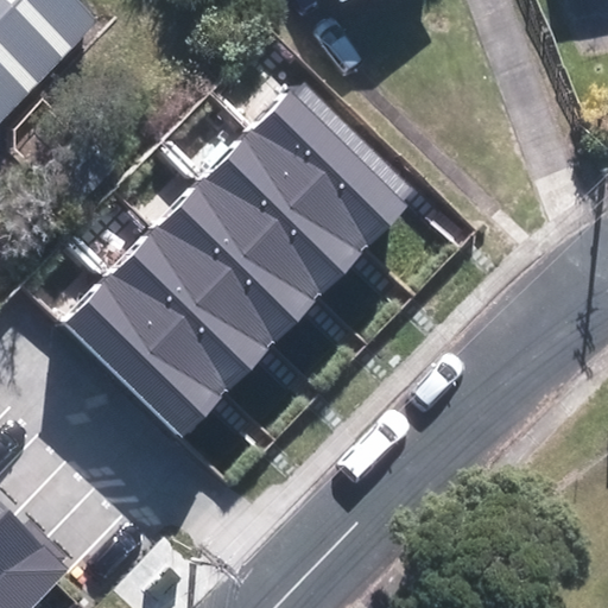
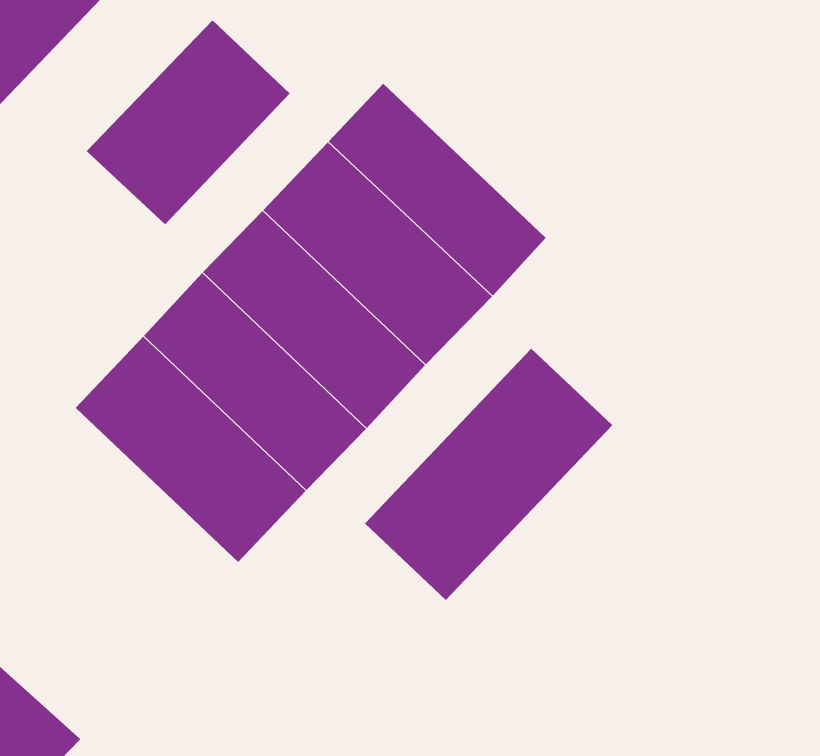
building: none -> [86,20,291,225]
building: none -> [364,348,613,601]

